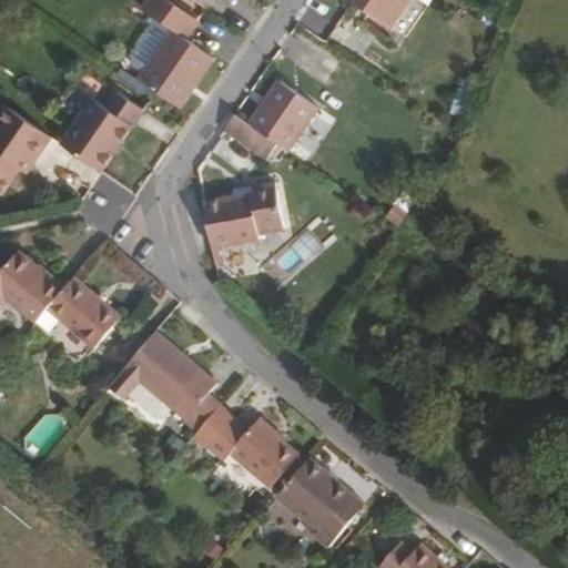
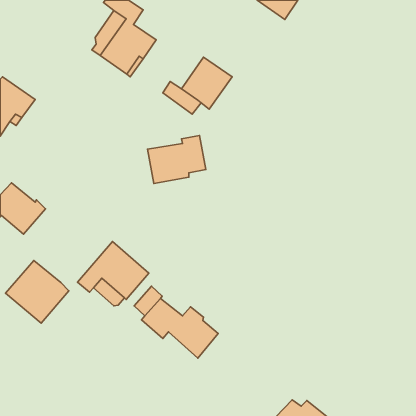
building: [57,80,140,172] -> none
building: [32,275,119,361] -> [5,261,69,323]
building: [275,459,363,548] -> none

